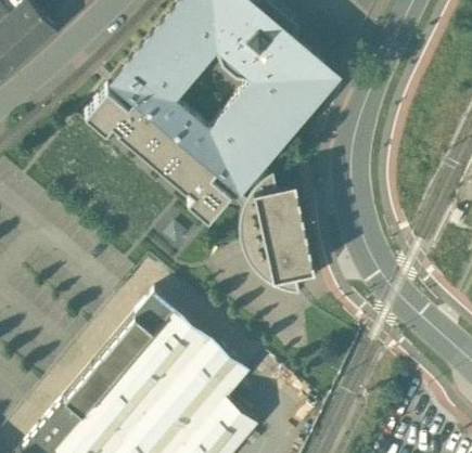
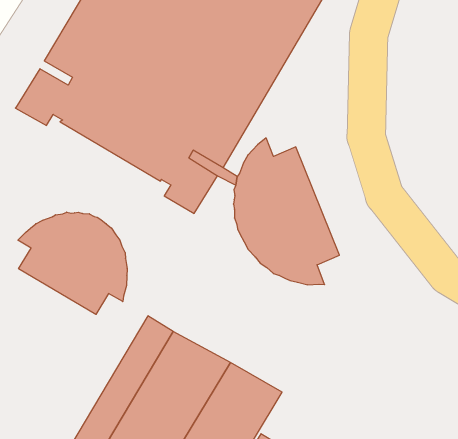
building: none -> [18,212,127,314]

